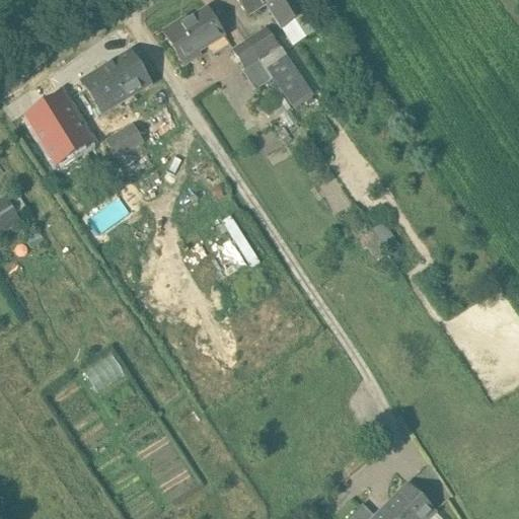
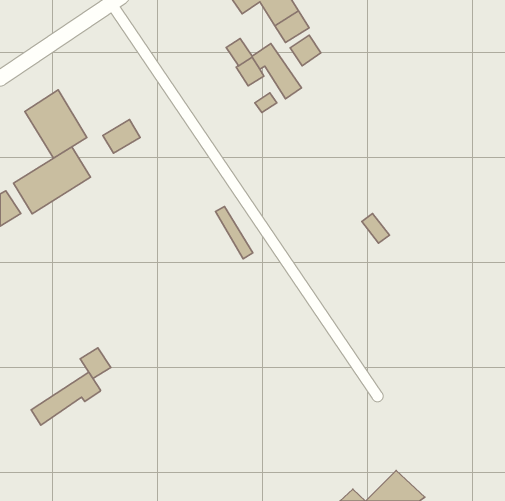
building: [163,7,221,64] -> none
building: [246,26,278,58] -> [290,35,321,66]
building: [72,51,151,120] -> [14,147,91,214]
building: none -> [31,372,101,425]

